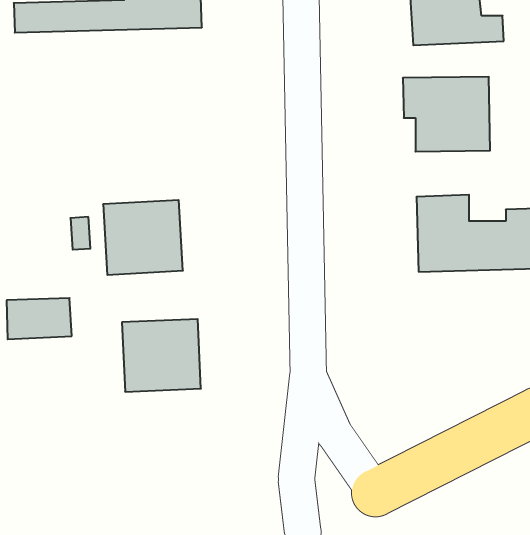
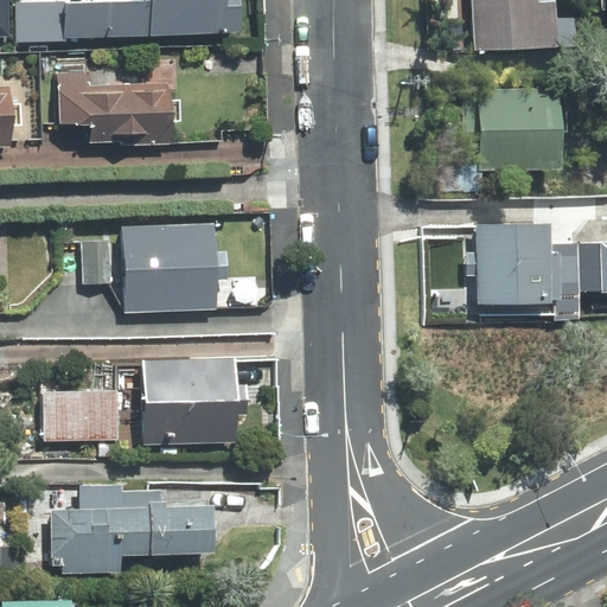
building: none -> [60,75,166,142]
building: [7,298,72,339] -> [49,391,122,437]
building: none -> [59,506,207,566]

